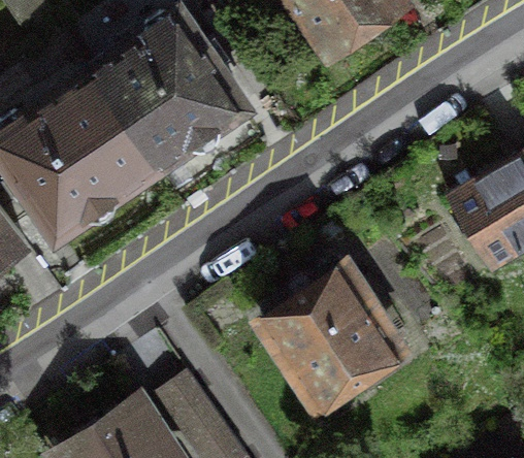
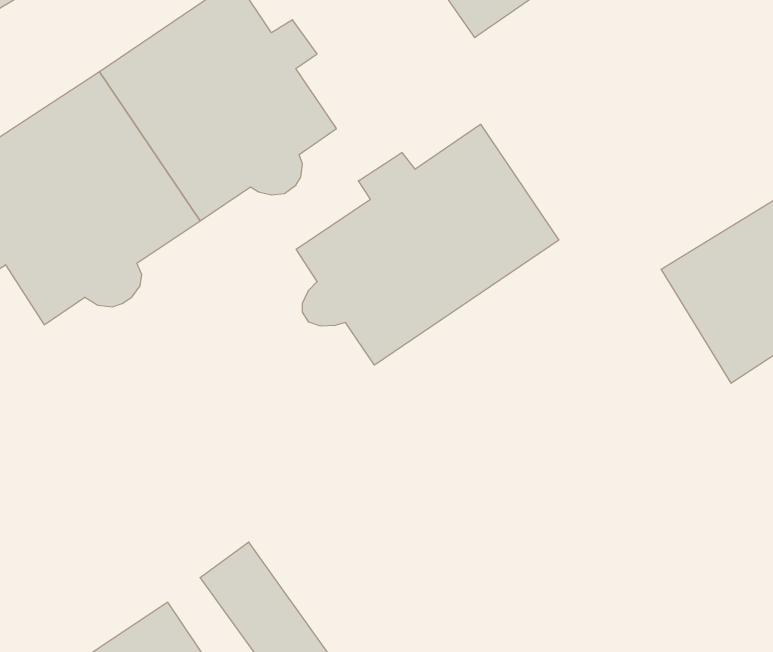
building: none -> [296,124,559,365]
building: [260,268,397,412] -> none

